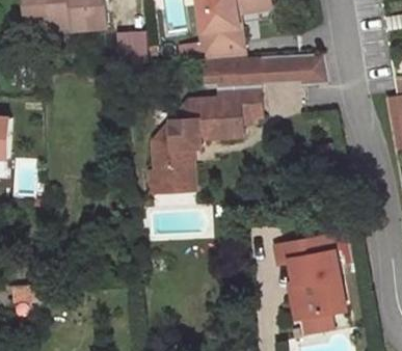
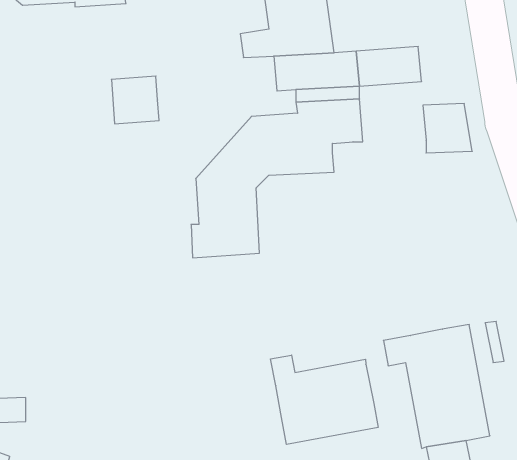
building: [117,30,149,61] -> [111,76,159,124]
building: [298,53,330,85] -> [423,104,472,153]
building: none -> [271,355,378,444]

